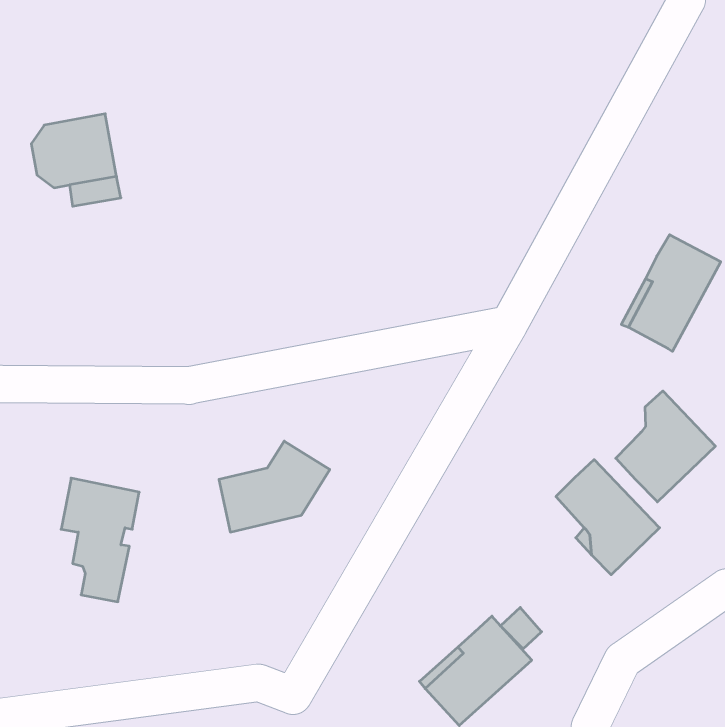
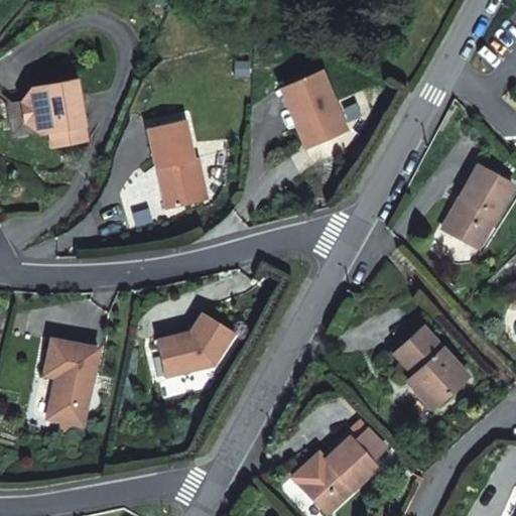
building: none -> [280,72,347,148]
building: none -> [147,119,208,210]
building: [616,391,715,502] -> none

